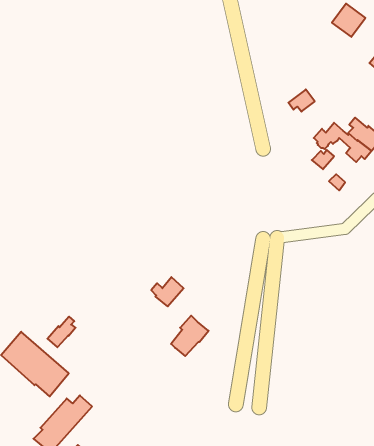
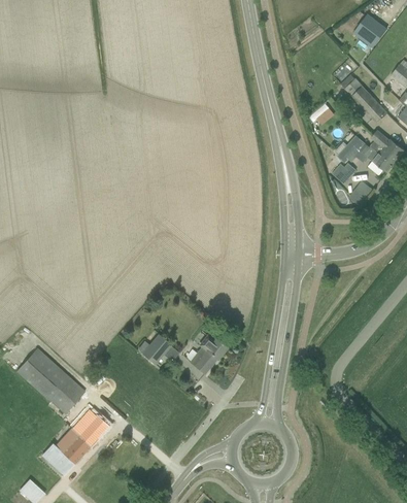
building: none -> [341,74,386,122]
building: [151,277,184,306] -> [138,334,171,364]
building: [47,317,76,347] -> none

